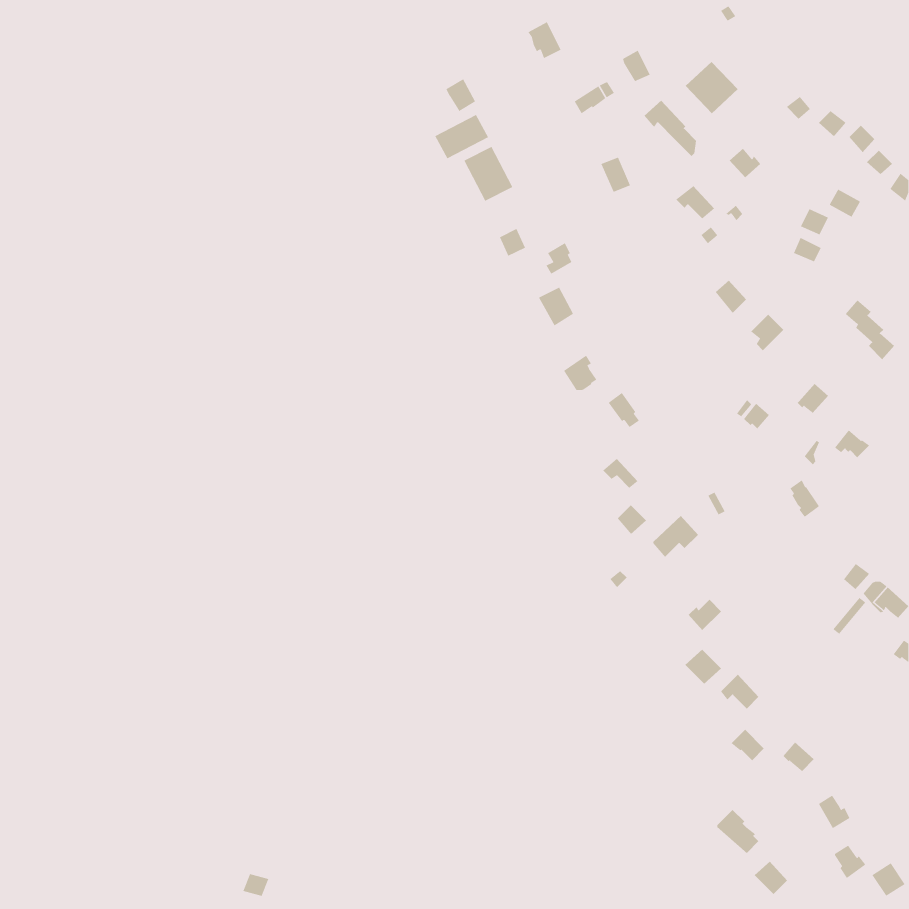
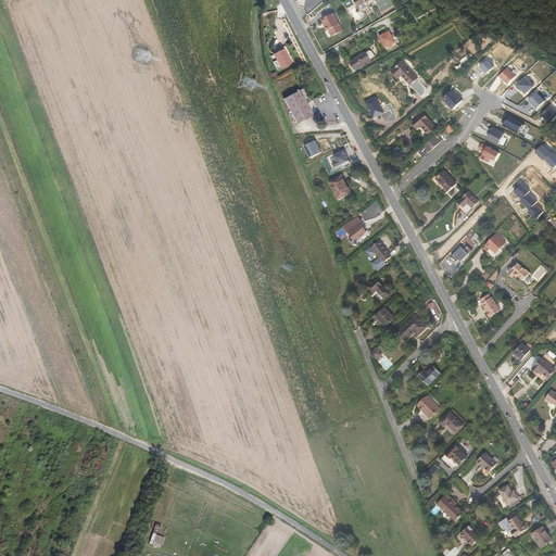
building: [685,61,738,114] -> none
building: [434,114,489,159] -> none

